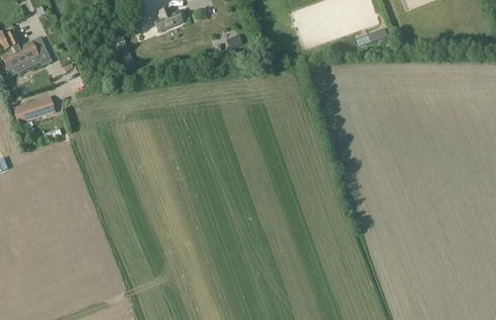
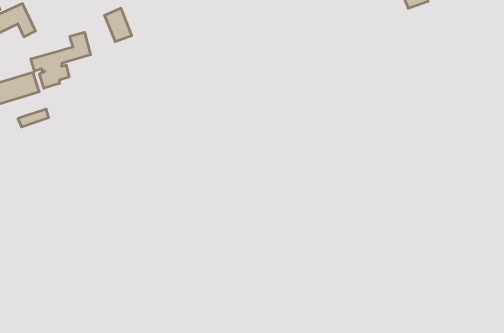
building: none -> [31,32,91,88]

